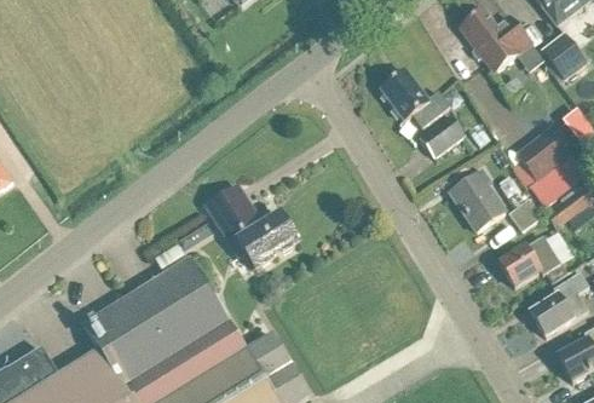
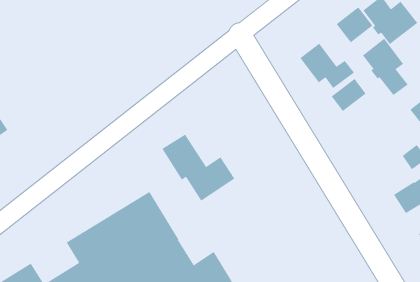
building: none -> [336,7,373,43]
building: none -> [362,38,409,96]
building: [450,168,506,230] -> none

